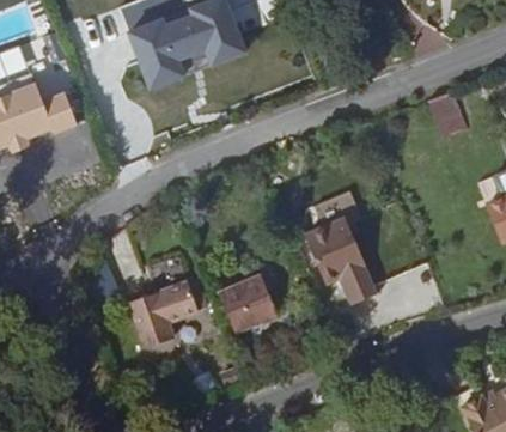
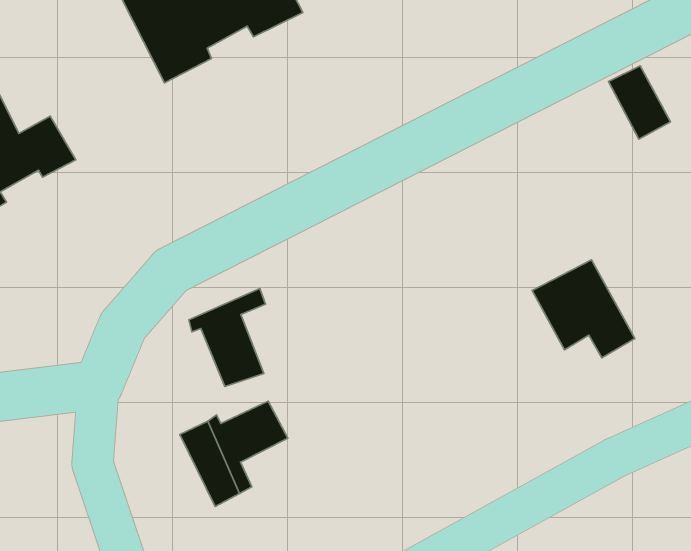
building: none -> [189,289,265,386]
building: [310,223,374,287] -> [532,260,635,358]
building: [234,287,279,333] -> none

